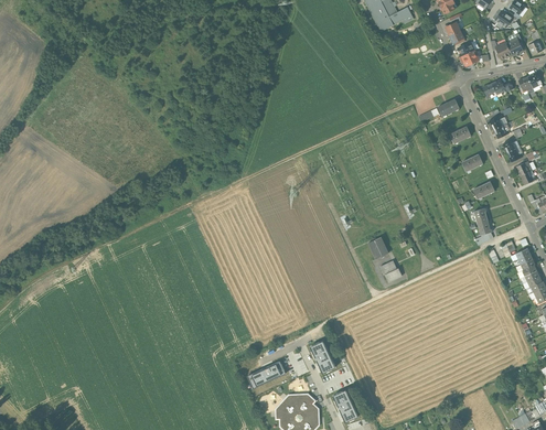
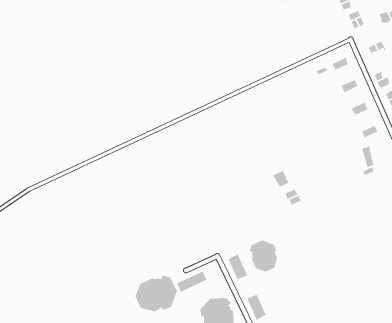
building: none -> [249,239,278,273]
building: none -> [135,274,178,312]

